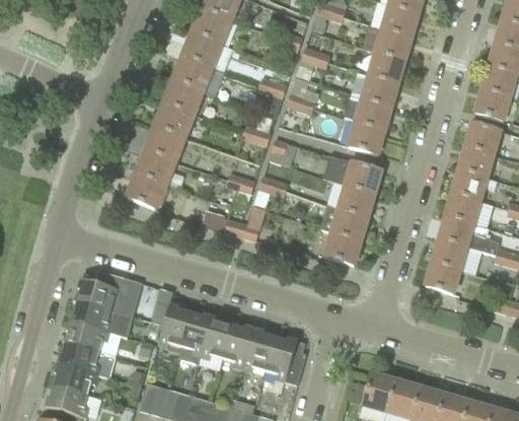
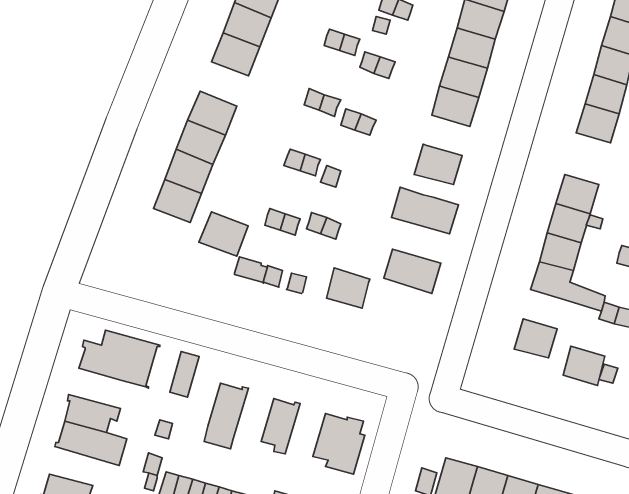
building: [174,55,224,94] -> none
building: [353,97,390,130] -> none
building: [466,122,500,153] -> none
building: [127,172,166,208] -> [199,212,248,256]
building: [339,185,374,216] -> none
building: [325,231,360,264] -> [327,268,370,308]
building: [433,237,466,269] -> [563,346,605,385]
building: [69,300,131,338] -> none
building: [158,304,191,347] -> none
building: [201,317,233,360] -> none
building: [242,329,275,372] -> none
building: [54,363,98,395] -> none

